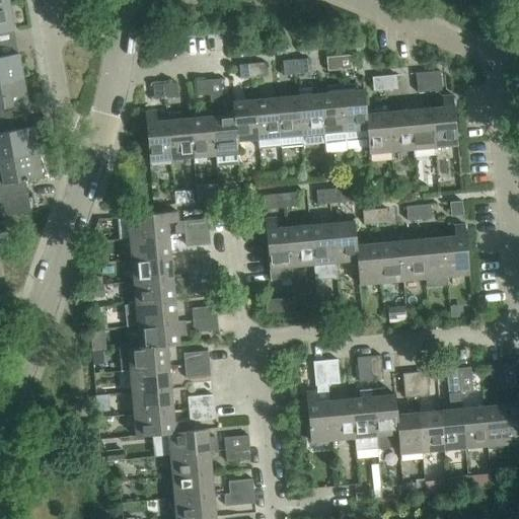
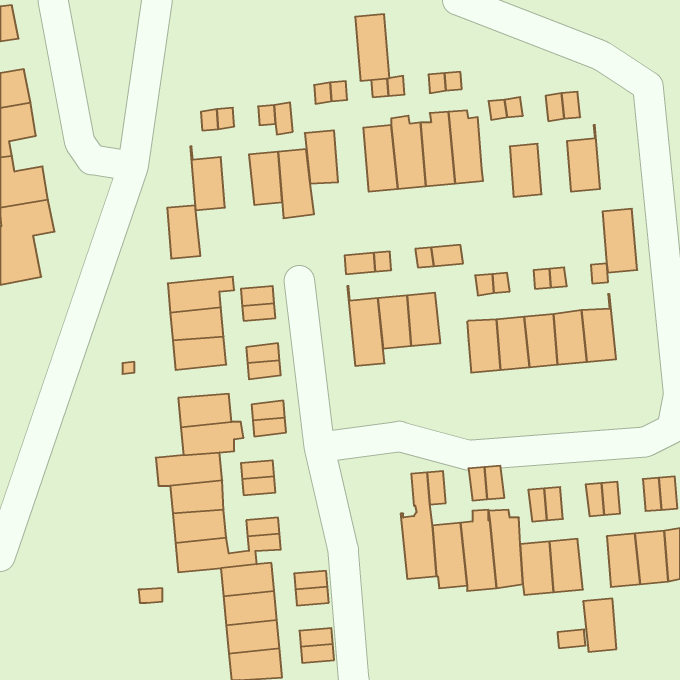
building: [254,97,281,148] -> [355,14,390,81]
building: [410,107,436,156] -> [603,209,637,273]
building: [366,112,391,152] -> none
building: [168,118,194,158] -> [167,205,200,259]
building: [331,221,357,262] -> none
building: [134,278,174,303] -> none
building: [440,409,465,449] -> [583,599,616,652]

